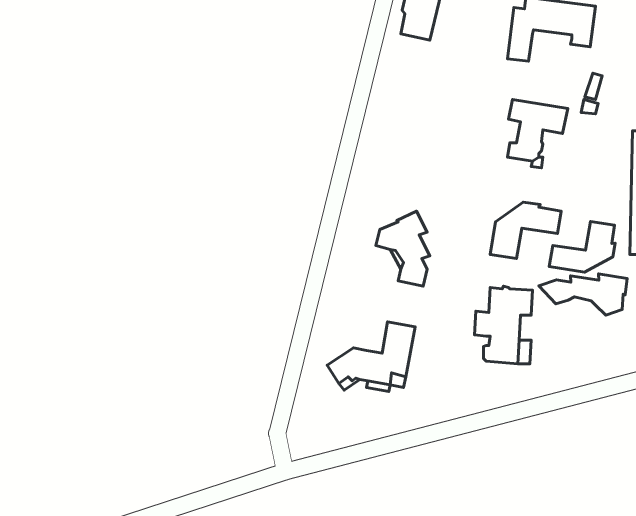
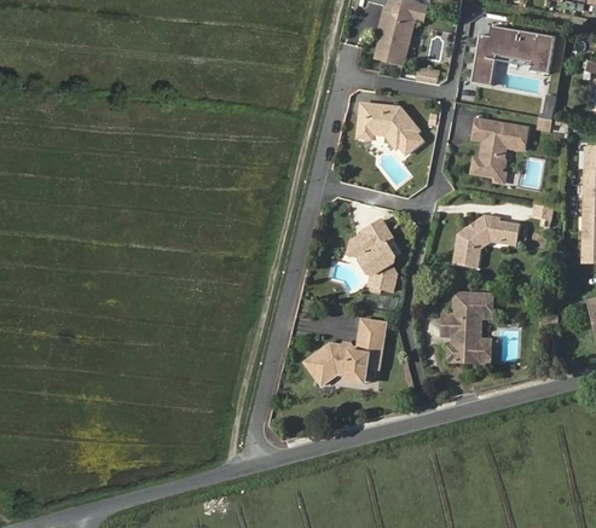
building: none -> [357,106,422,155]
building: [549,222,615,272] -> none
building: [539,274,627,315] -> none

